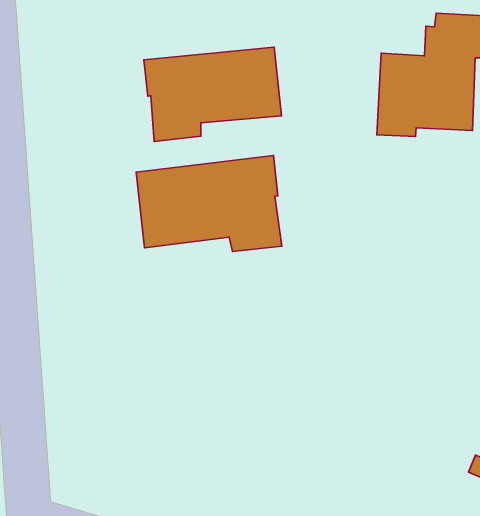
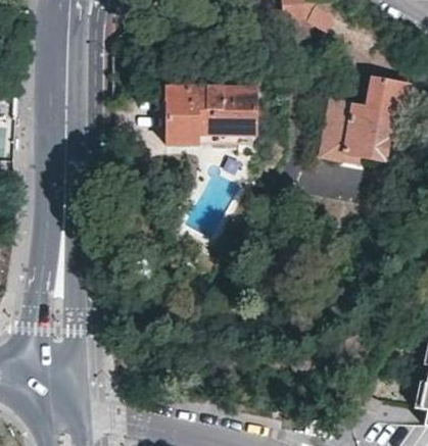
building: [136,156,282,252] -> none

